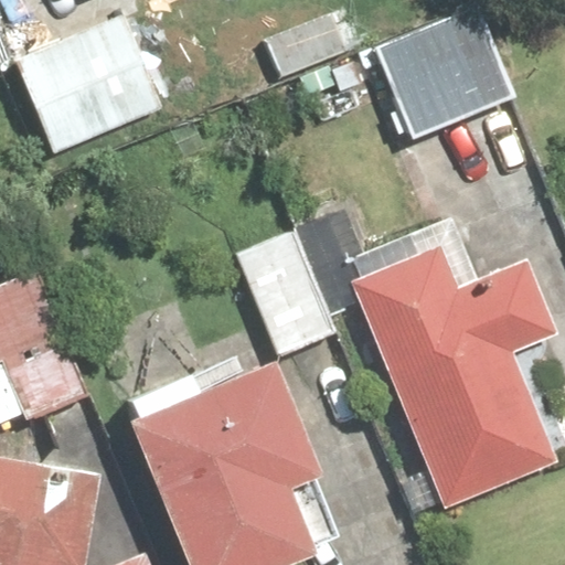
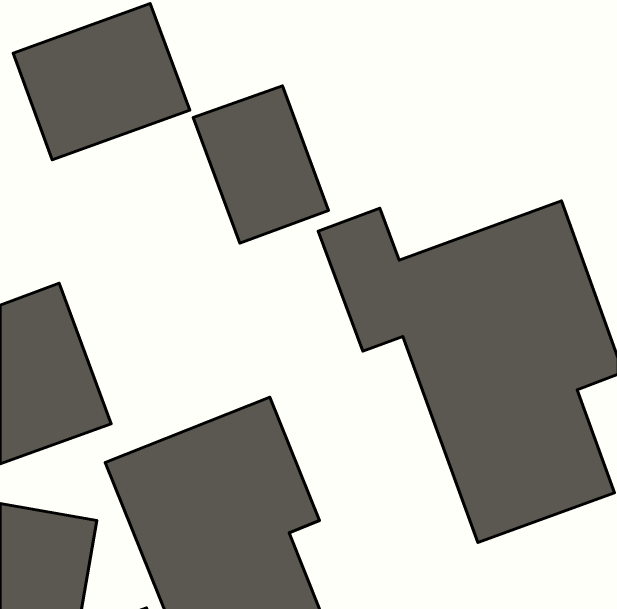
building: [375,15,520,141] -> none
building: none -> [193,86,328,243]
building: [235,231,330,353] -> none

